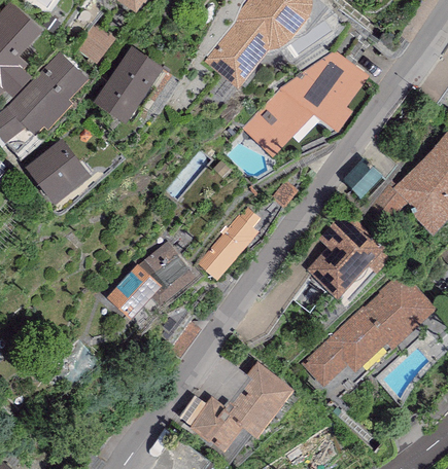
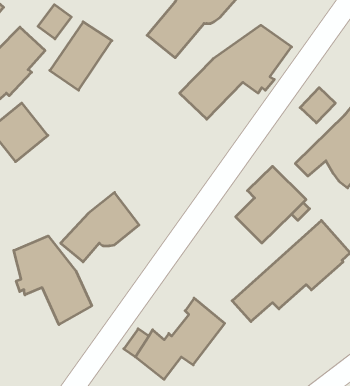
building: [341,157,381,197] -> [300,88,335,123]
building: [197,216,257,281] -> none
building: none -> [14,236,92,325]

